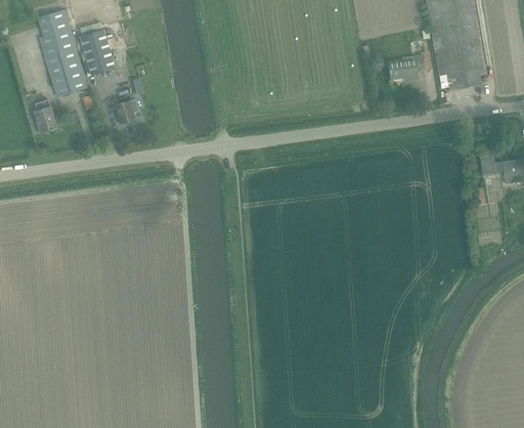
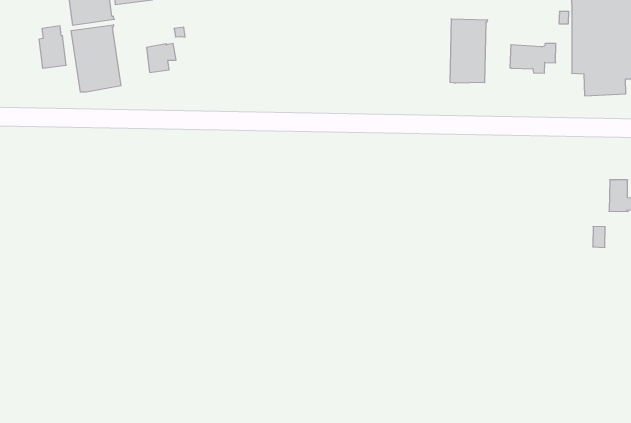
building: none -> [450,19,487,83]
building: none -> [71,25,121,92]

